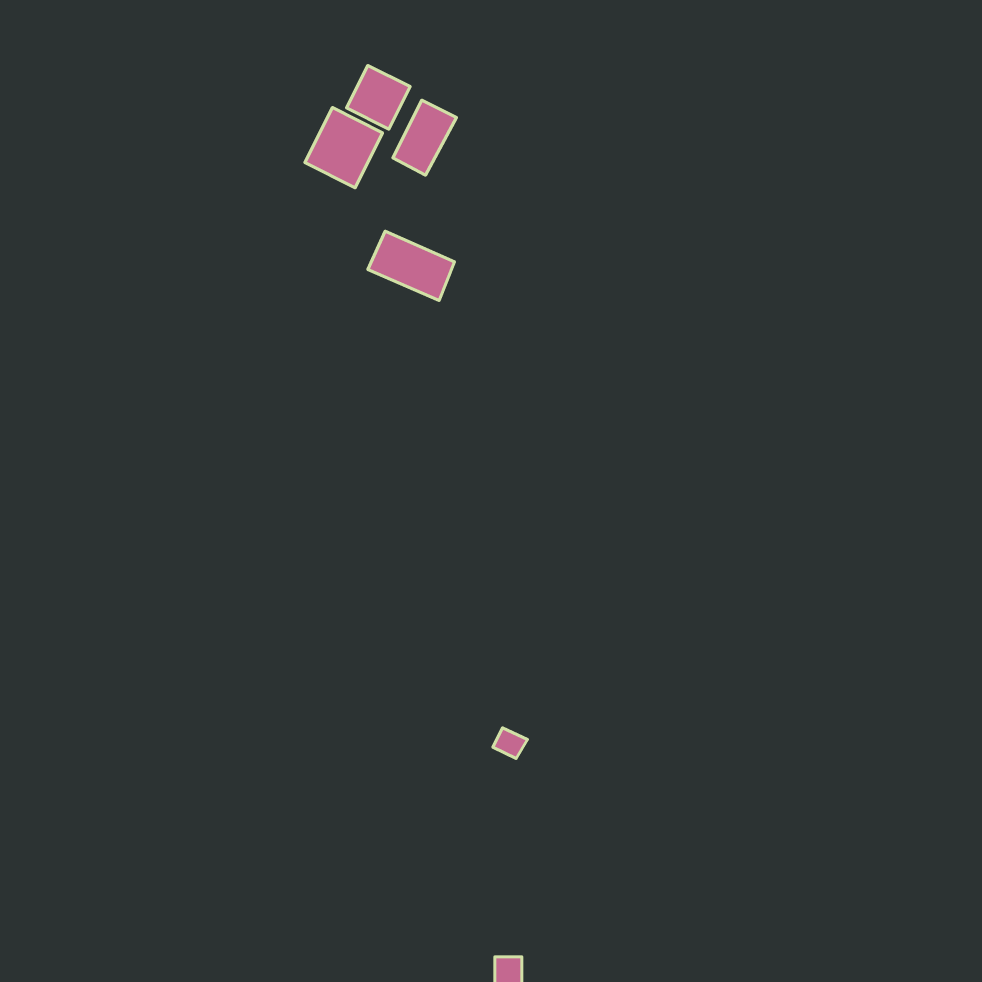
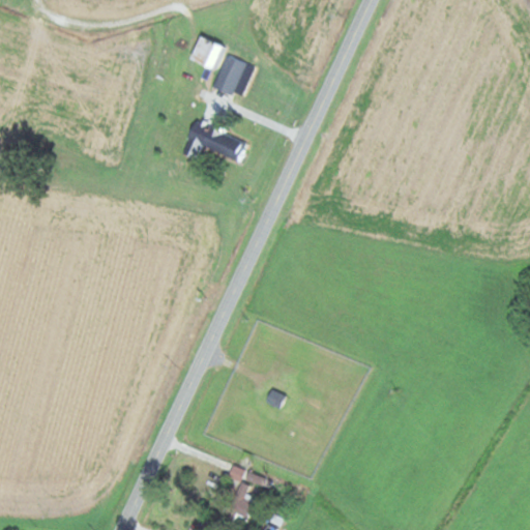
building: [305,108,383,188] -> none
building: none -> [228,472,258,520]

